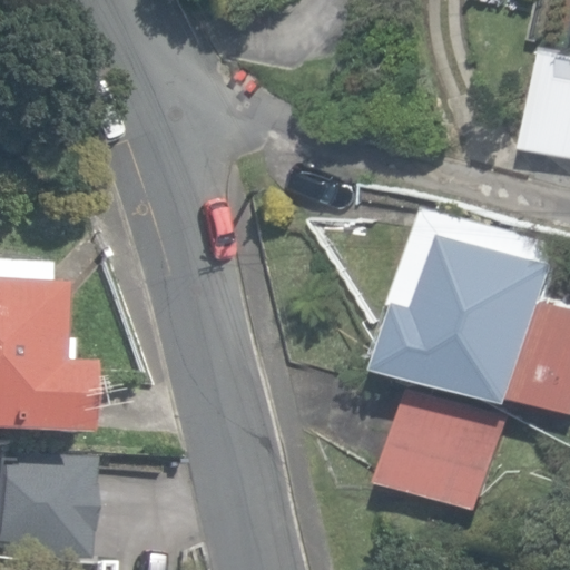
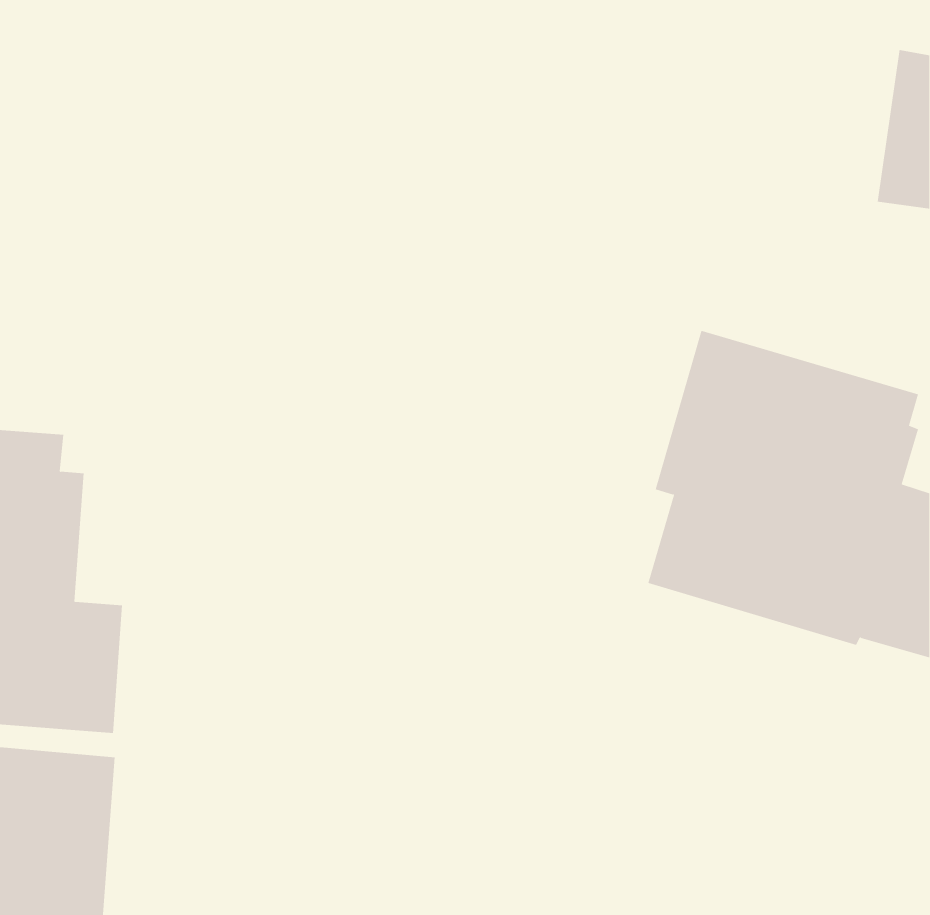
building: [383,396,505,514] -> none

